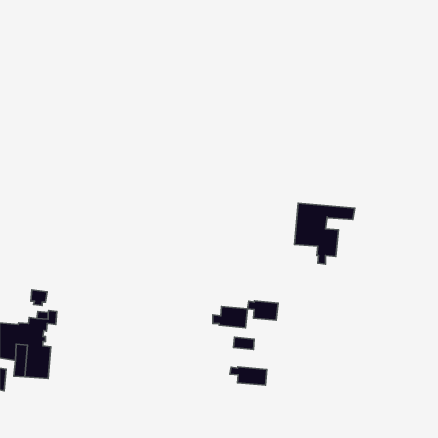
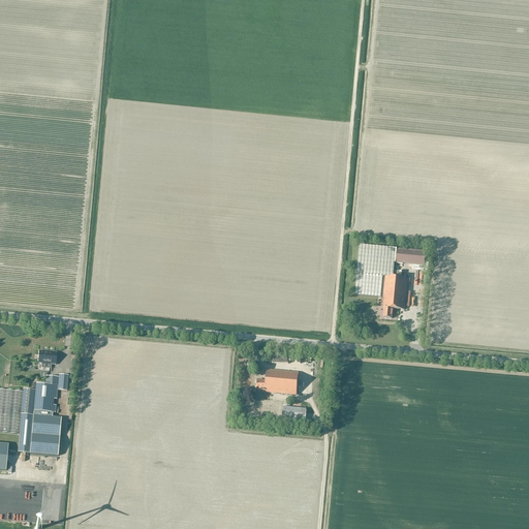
building: [247,301,278,320] -> none
building: [230,367,267,385] -> none

